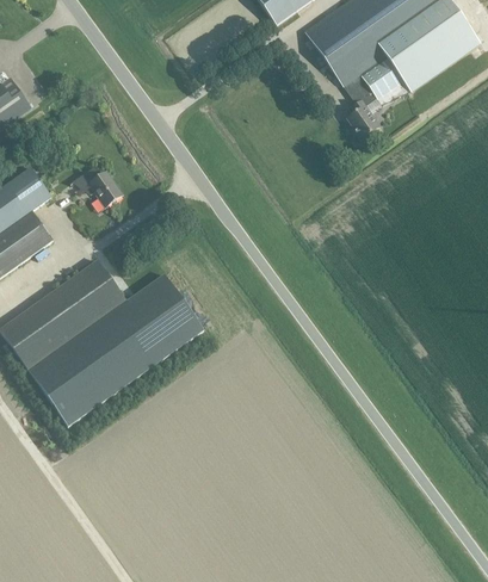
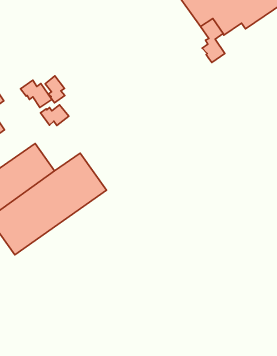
building: none -> [45,76,65,103]
building: none -> [40,105,69,126]

